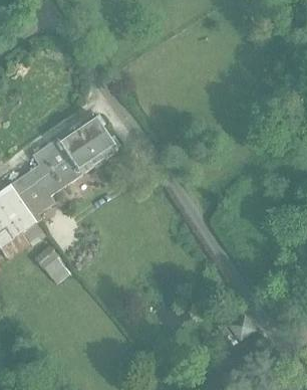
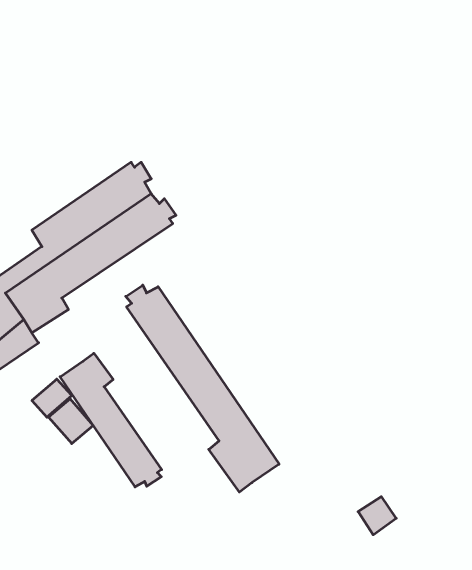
building: none -> [126,285,279,492]
building: none -> [60,353,162,487]

